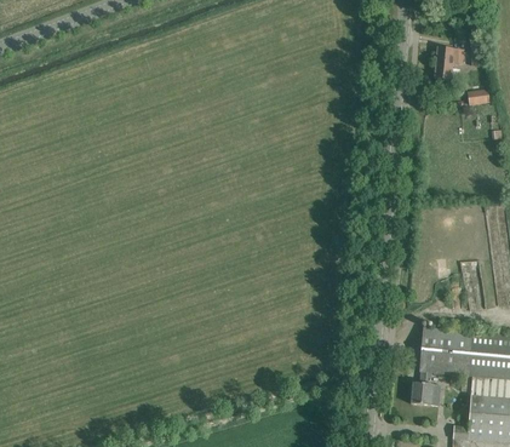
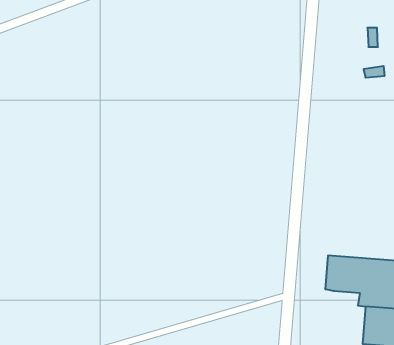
building: [435,47,464,79] -> none
building: [411,369,441,405] -> none

